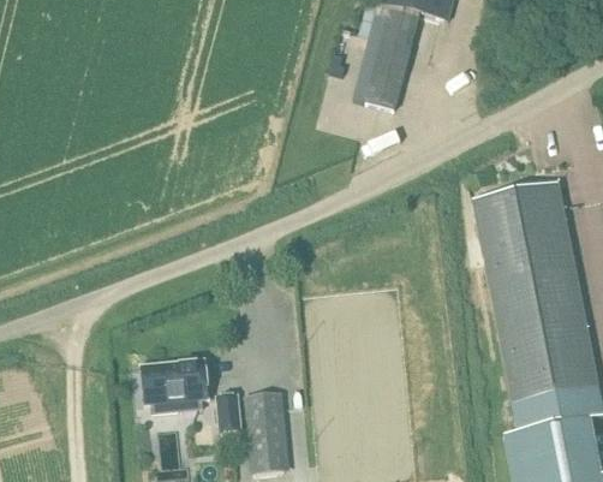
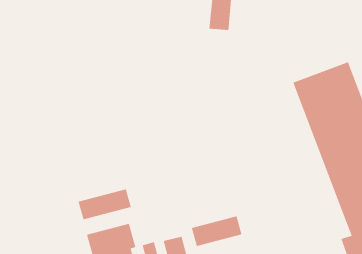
building: none -> [78,189,131,220]
building: none -> [191,215,242,247]

